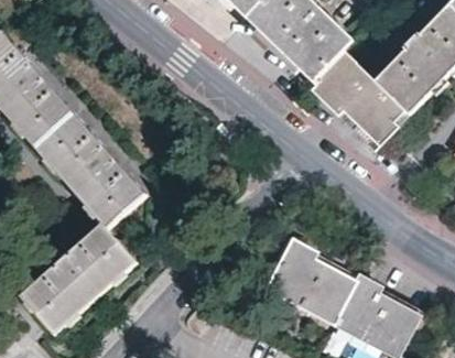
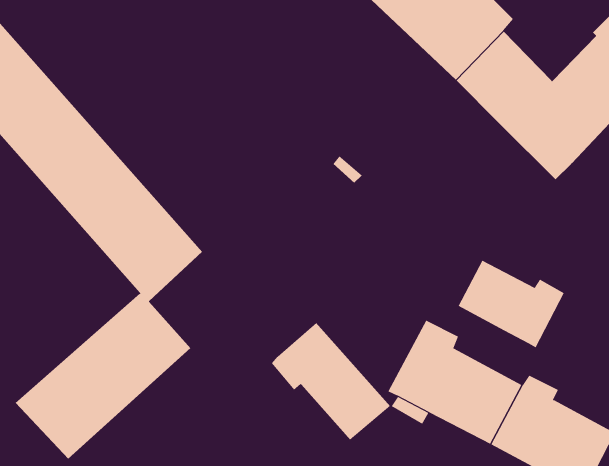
building: none -> [458,260,565,348]
building: none -> [271,322,391,440]

